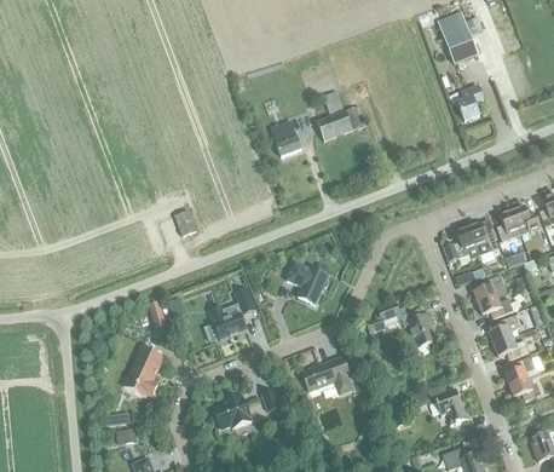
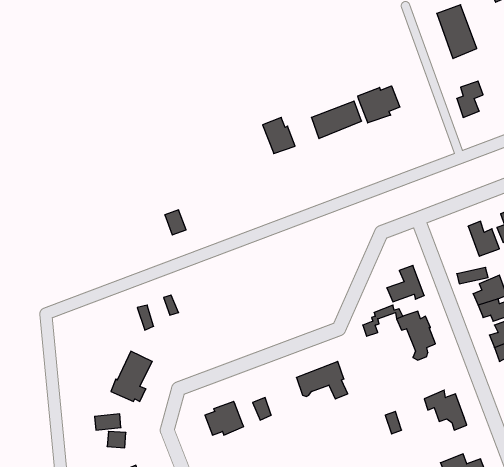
building: none -> [358,86,400,123]
building: [443,226,479,261] -> [387,265,424,302]
building: [287,263,328,305] -> none
building: [208,288,256,340] -> none

